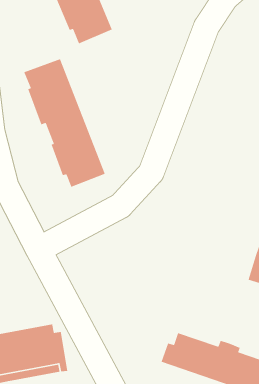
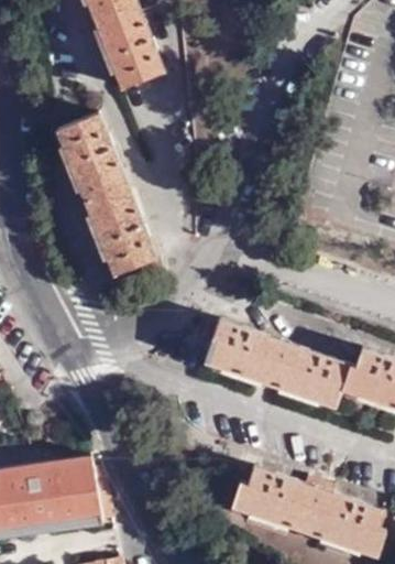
building: none -> [205,321,351,410]

